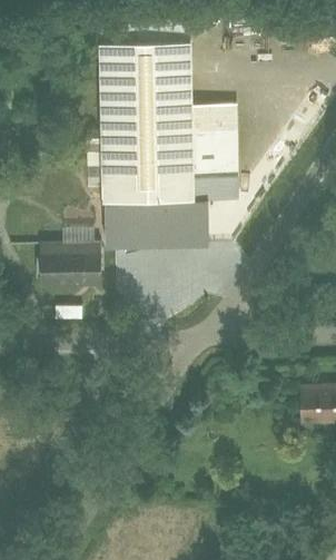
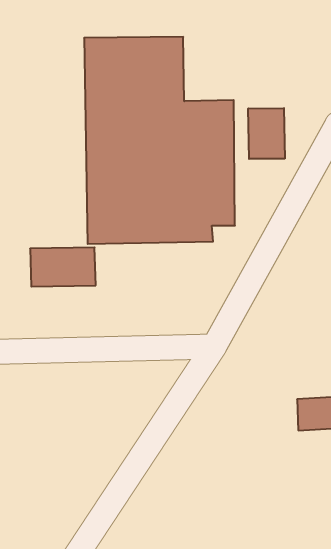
building: none -> [248,108,285,159]

